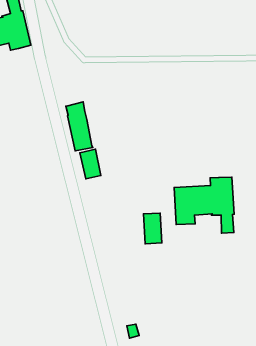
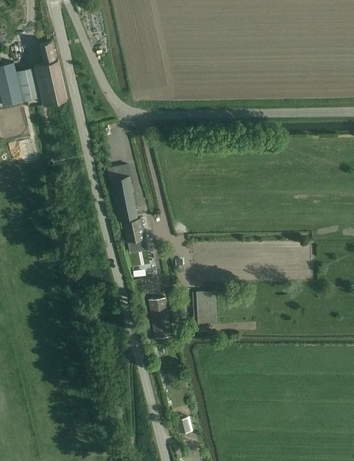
building: [174,177,234,233] -> none
building: none -> [149,298,172,339]

